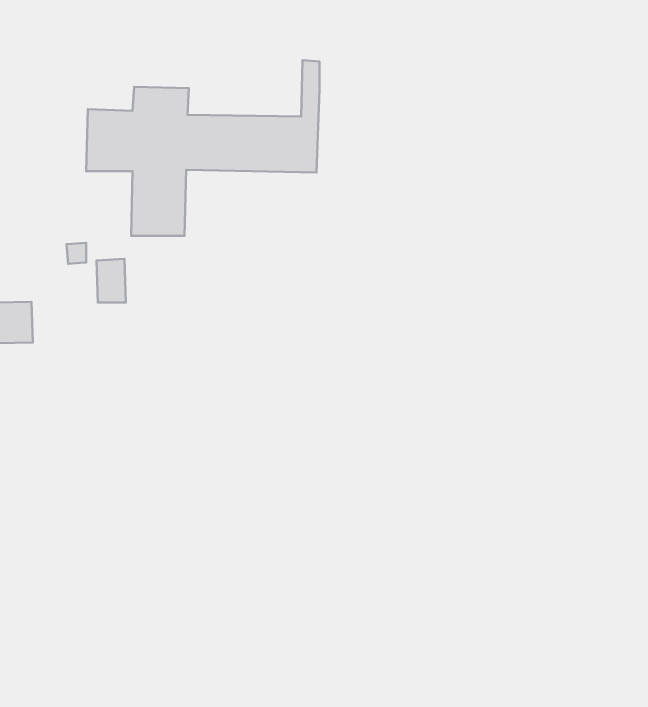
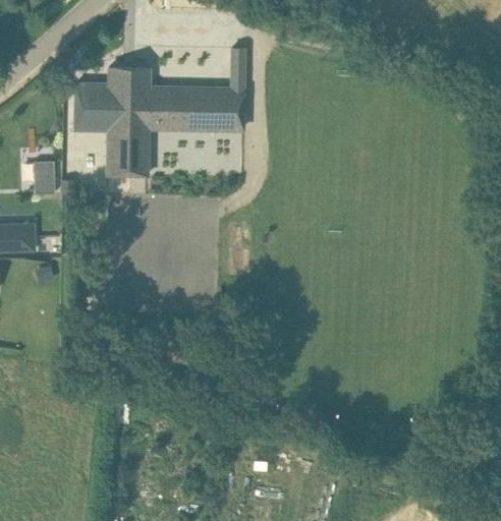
building: [96,259,126,302] -> [35,162,56,193]

